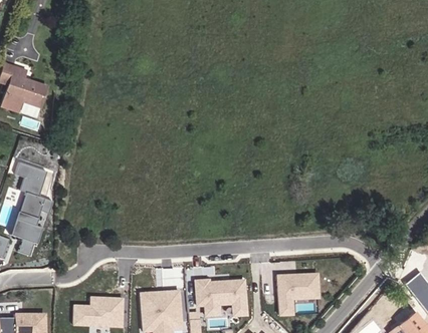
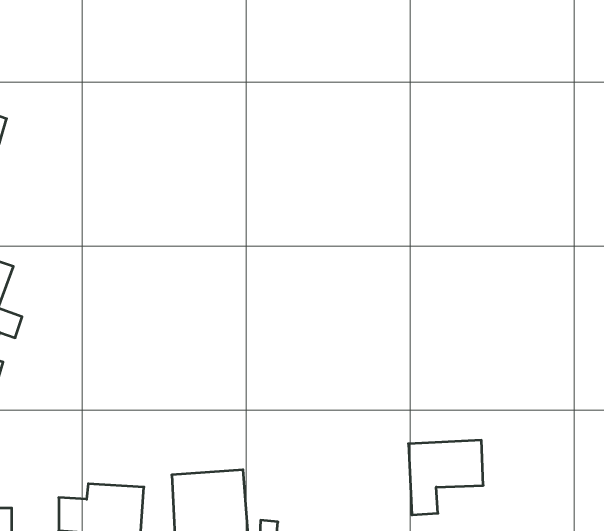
building: [194,278,247,316] -> none

